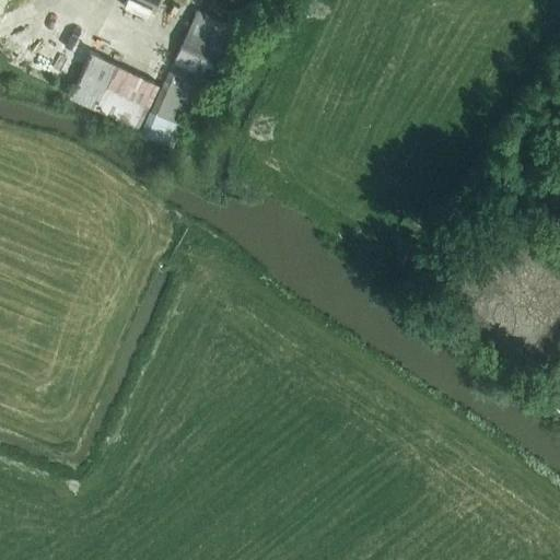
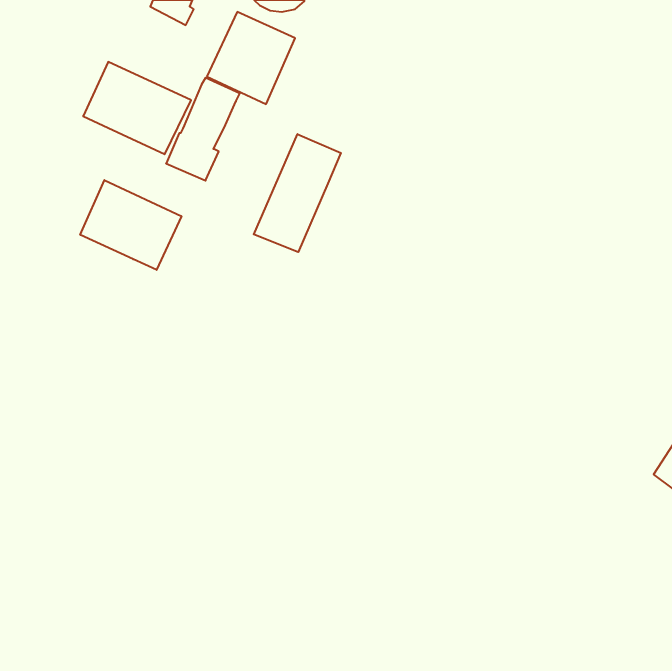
building: none -> [254,134,341,252]
building: none -> [80,180,181,270]

